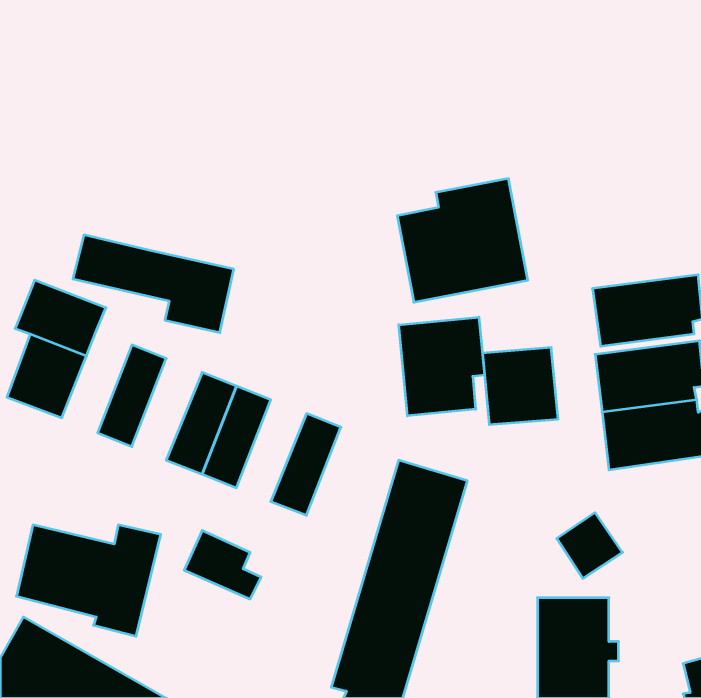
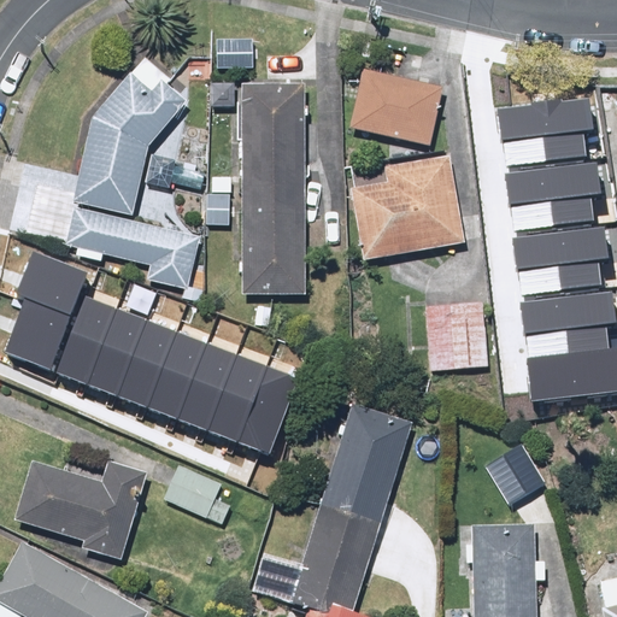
building: none -> [69,57,187,219]
building: none -> [347,65,446,147]
building: none -> [241,81,304,293]
building: none -> [506,113,604,176]
building: none -> [513,174,611,236]
building: [399,317,485,416] -> none
building: none -> [55,290,117,380]
building: none -> [117,315,178,404]
building: none -> [208,351,270,440]

